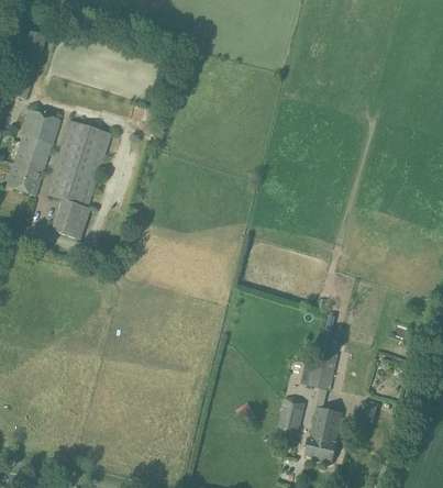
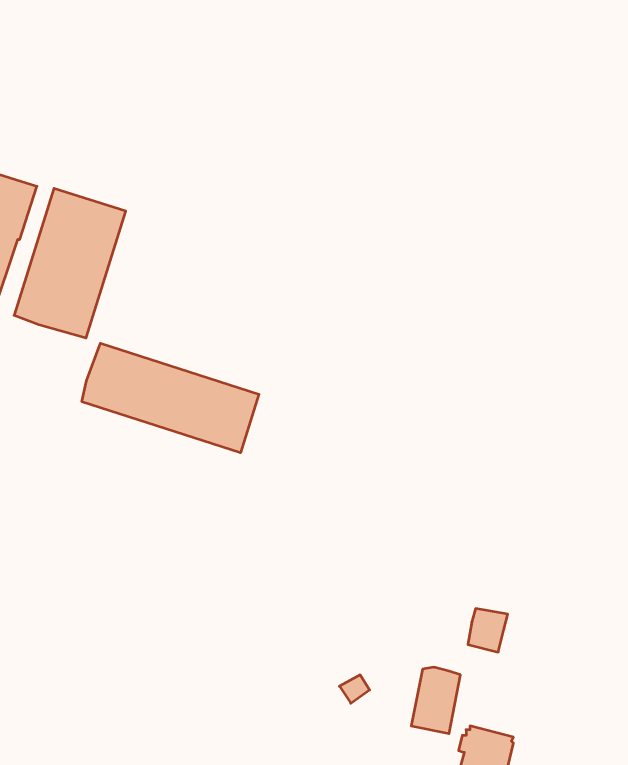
building: [51,199,90,239] -> none
building: none -> [82,343,259,453]
building: [311,408,342,439] -> none

